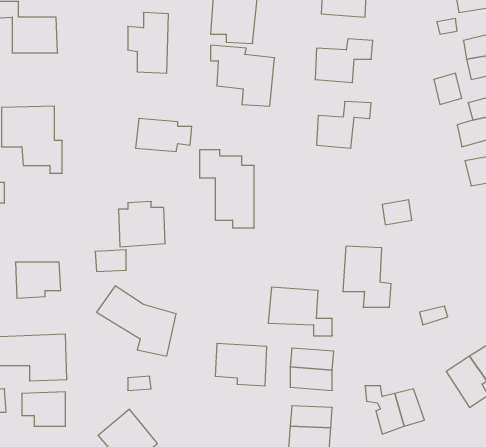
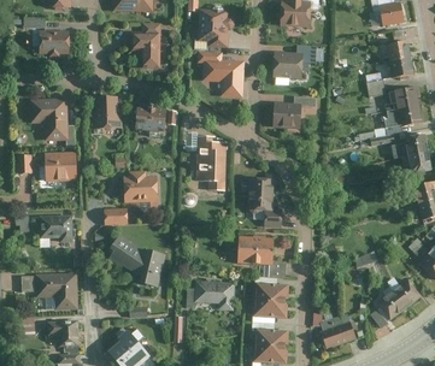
building: none -> [94,96,123,128]
building: none -> [45,152,81,183]
building: [343,246,391,307] -> [246,179,283,226]

